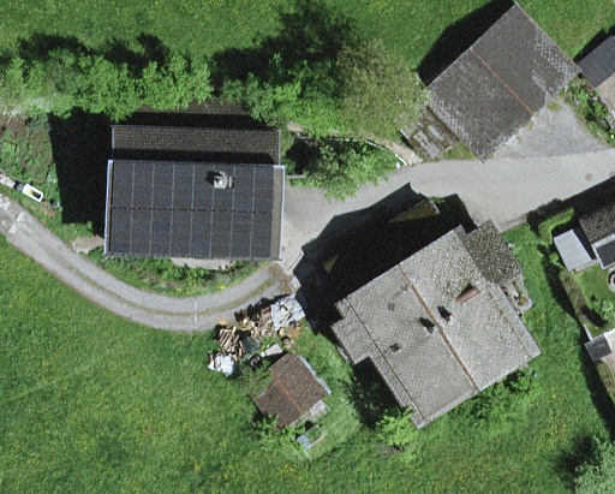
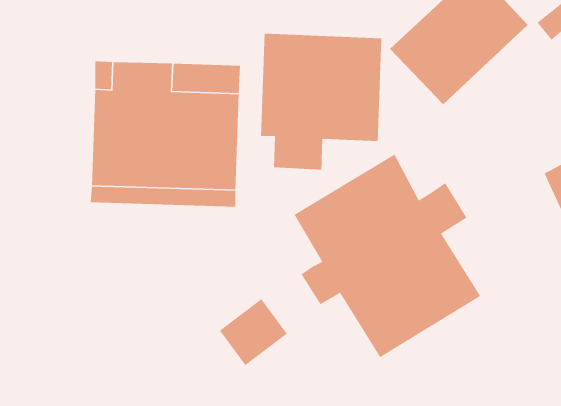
building: none -> [260,33,382,171]

